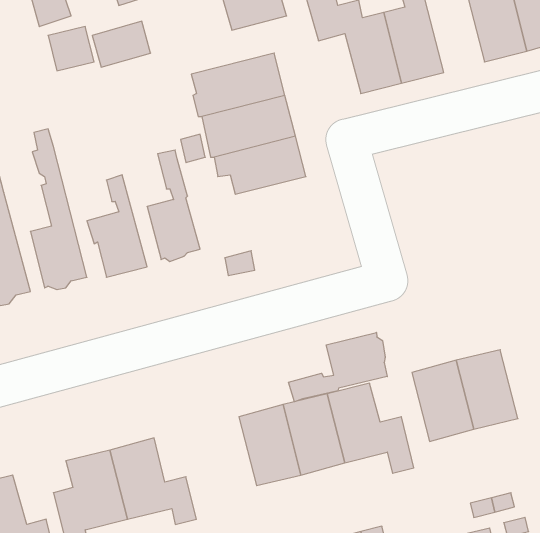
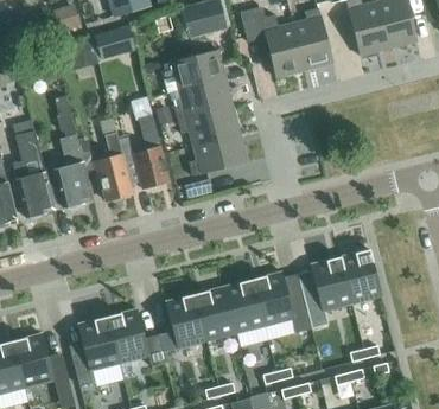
building: none -> [187,133,246,175]
building: [288,332,387,402] -> none
building: none -> [165,294,205,347]

